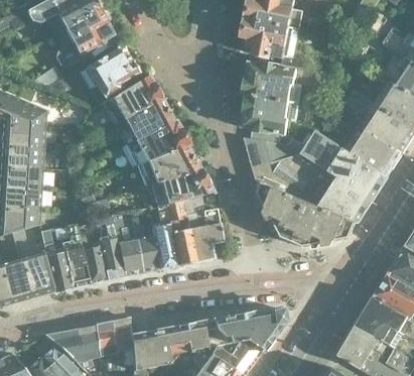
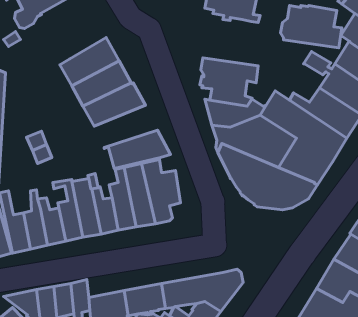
building: [78,43,136,100] -> none
building: [240,60,301,103] -> [281,6,342,48]
building: [134,142,197,184] -> none

